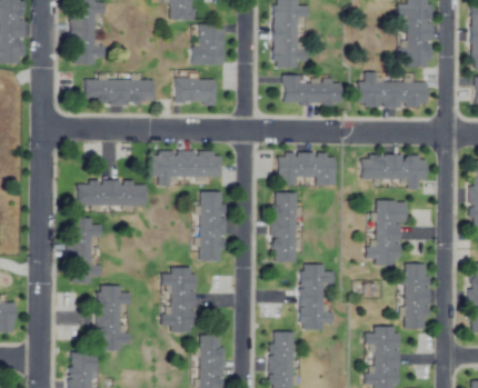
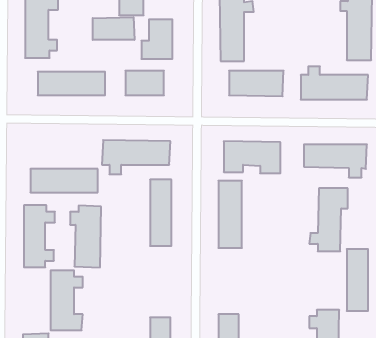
building: none -> [93,17,134,40]
building: [300,265,335,329] -> none
building: [162,267,195,331] -> [70,206,101,267]

